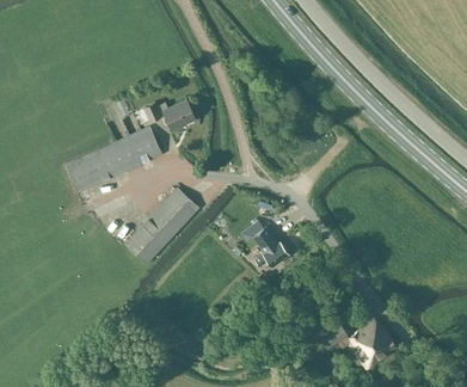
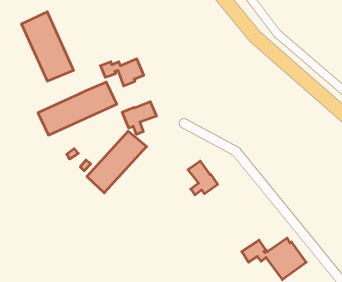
building: none -> [22,12,74,81]
building: none -> [122,102,156,134]

